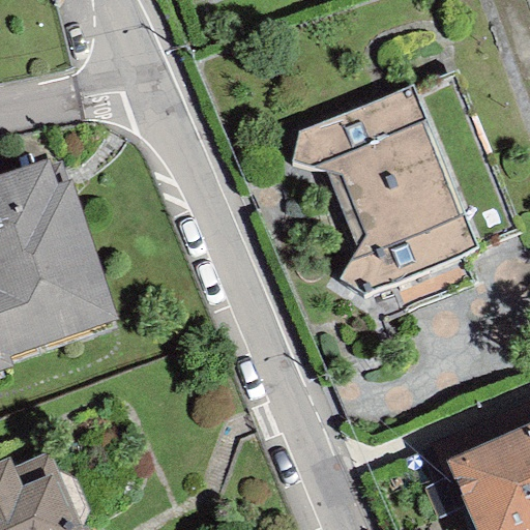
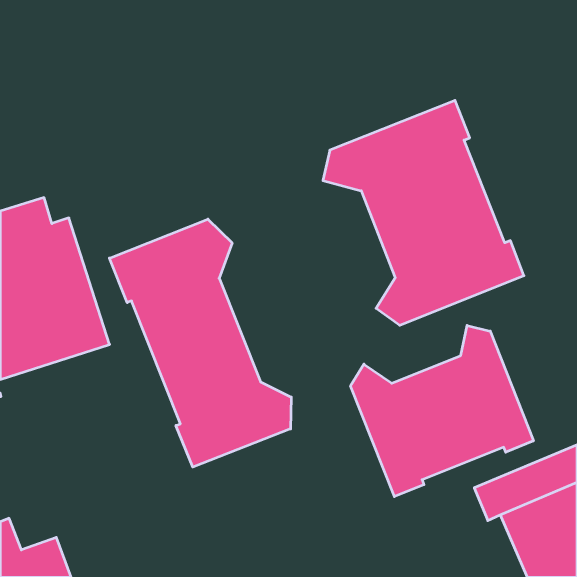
building: none -> [109,219,291,467]
building: none -> [351,325,533,497]

